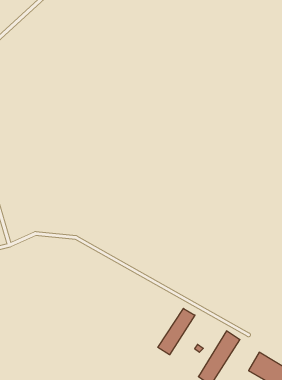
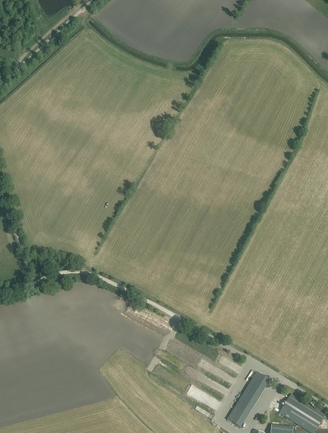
building: [158,308,195,355] -> none

